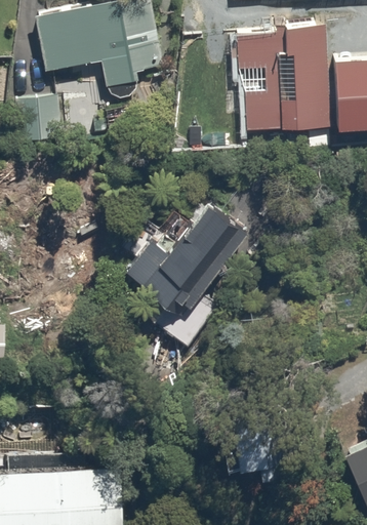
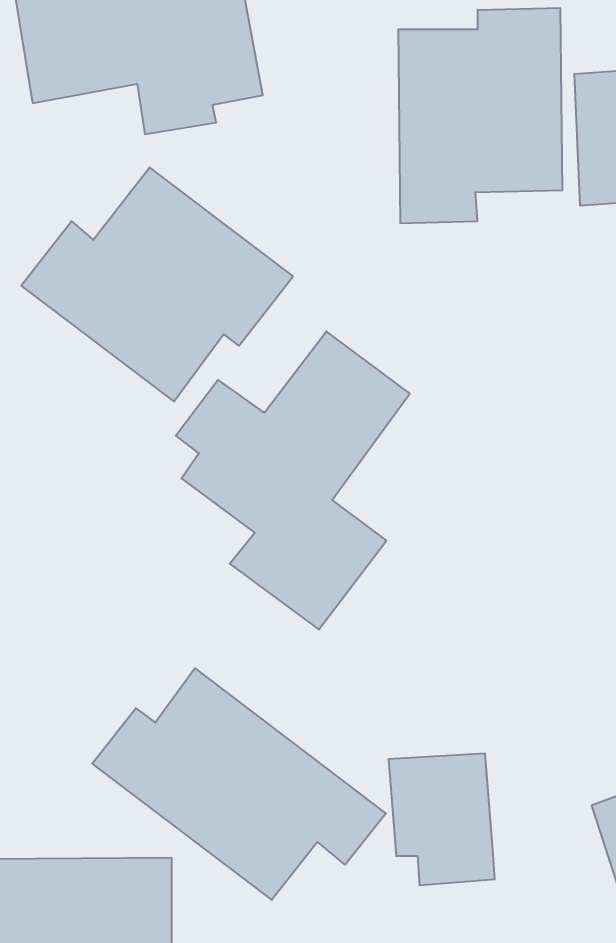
building: none -> [21,167,293,401]
building: none -> [92,668,386,900]

